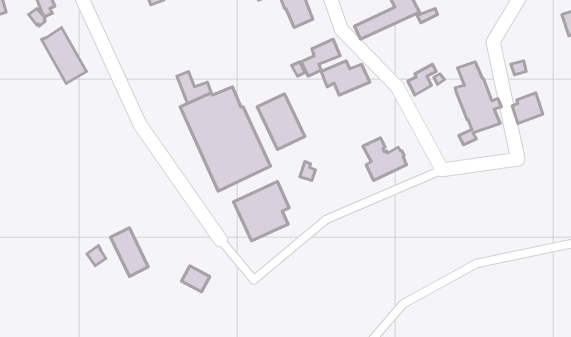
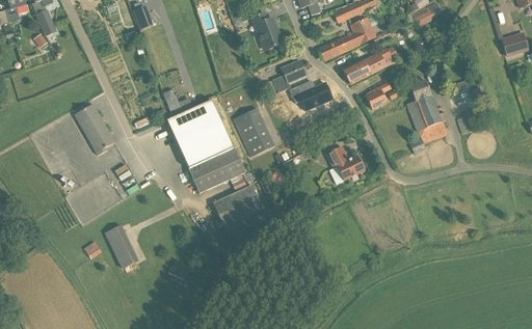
building: none -> [343,45,398,83]
building: [41,28,86,83] -> [75,103,114,152]

